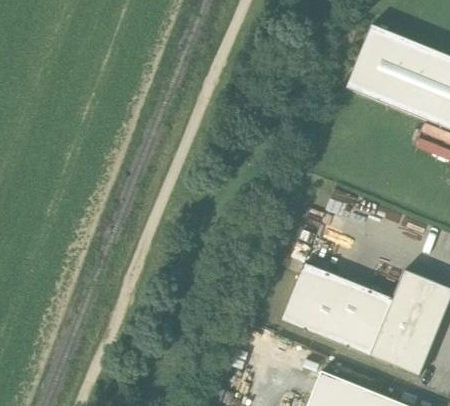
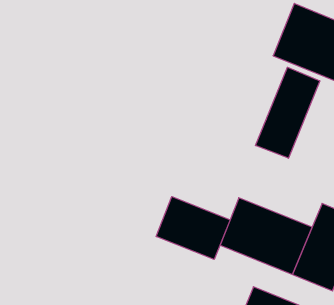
building: none -> [256,67,320,158]
building: none -> [156,197,230,259]

